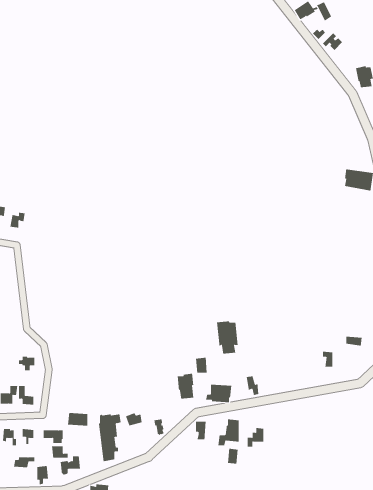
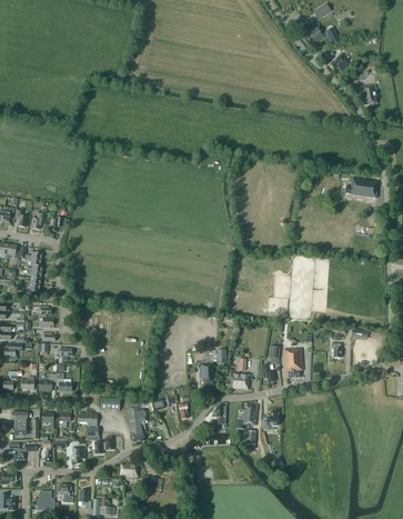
building: [216,321,238,354] -> [282,348,302,378]

